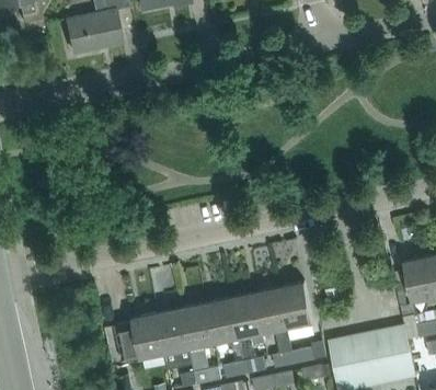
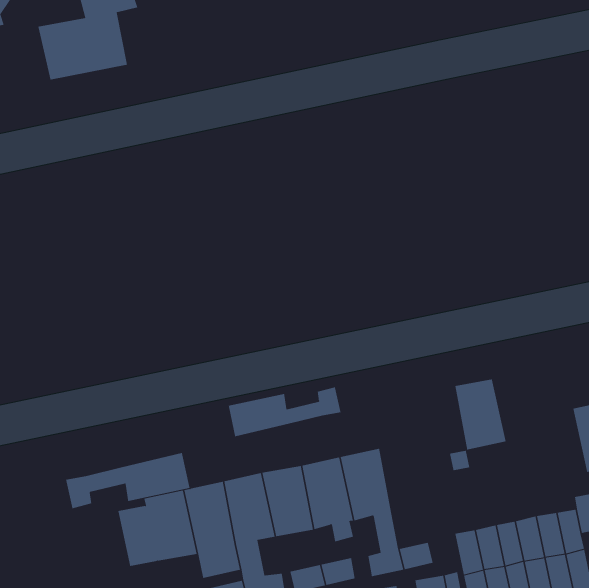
building: none -> [228,386,341,437]
building: [280,283,313,328] -> [454,379,507,450]
building: none -> [65,452,190,509]

